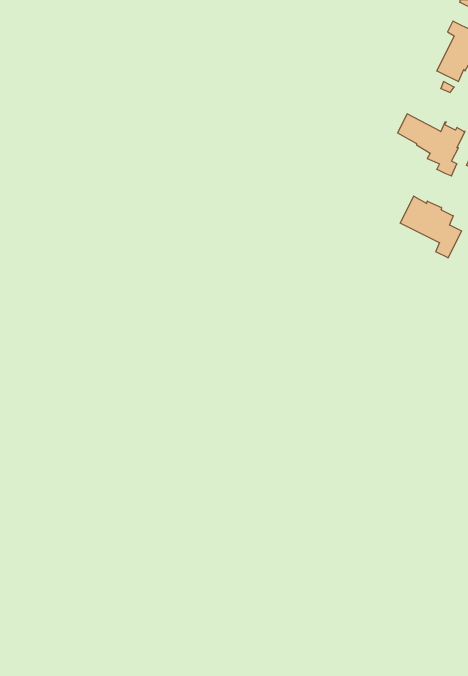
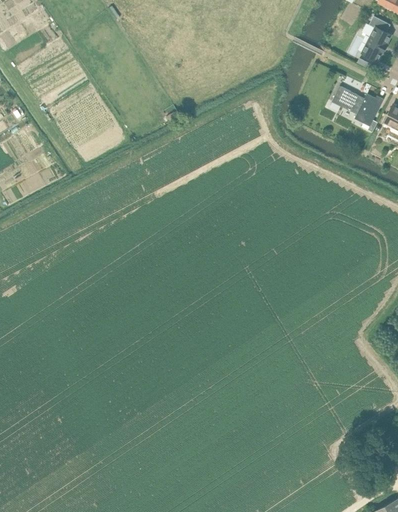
building: [400,196,462,258] -> none

